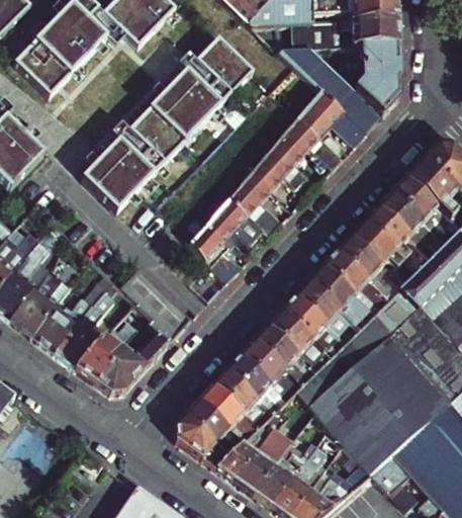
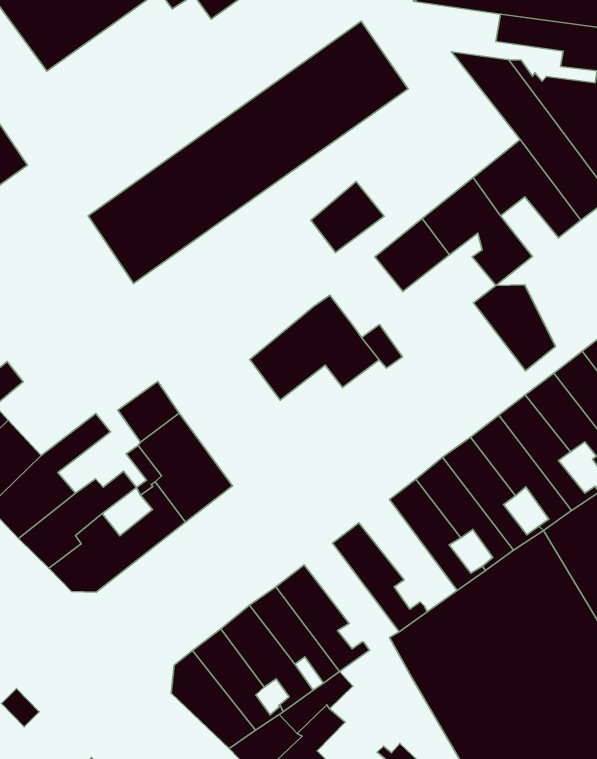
building: [228,171,270,213] -> [311,182,384,252]
building: none -> [473,285,555,371]
building: [267,309,330,369] -> none
building: [240,339,300,397] -> none

